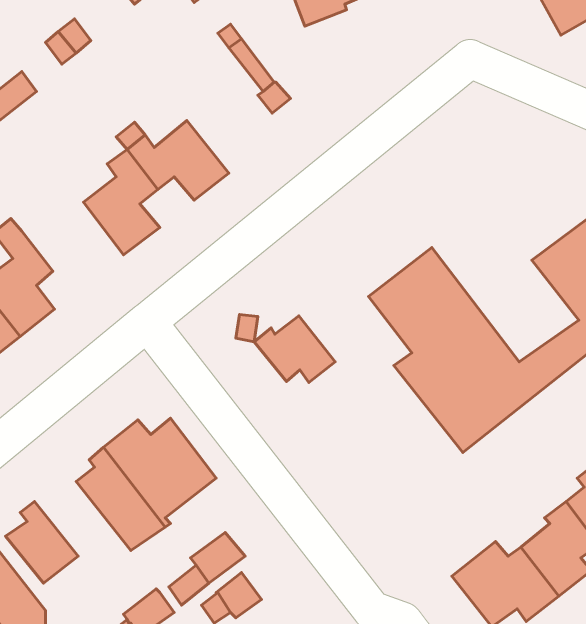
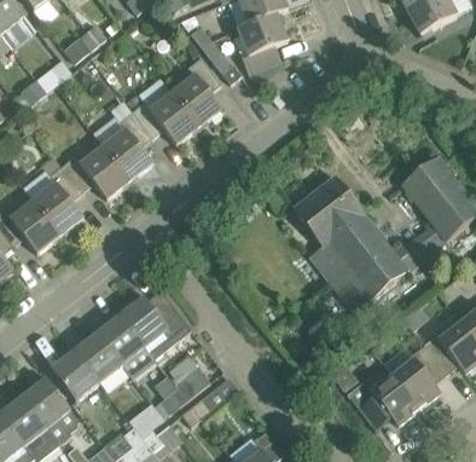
building: none -> [233,17,288,73]
building: none -> [172,56,222,126]
building: none -> [62,145,129,198]
building: [254,316,335,382] -> none
building: none -> [70,331,122,381]

